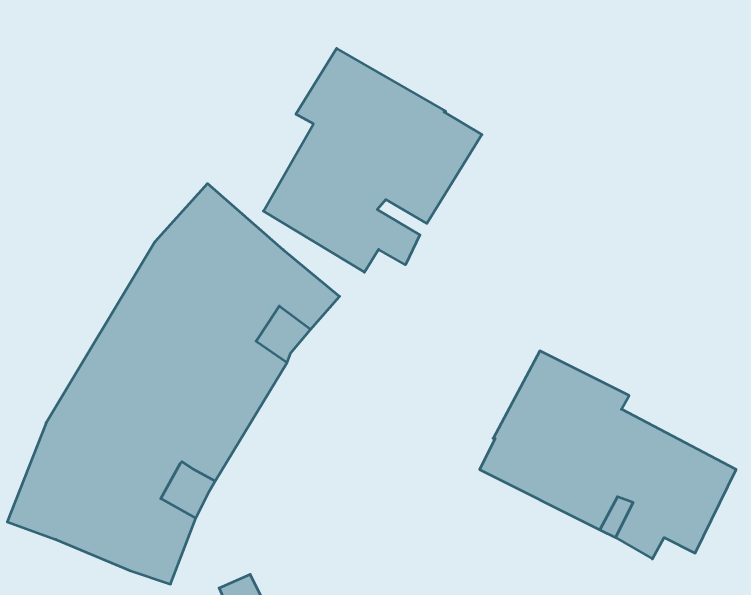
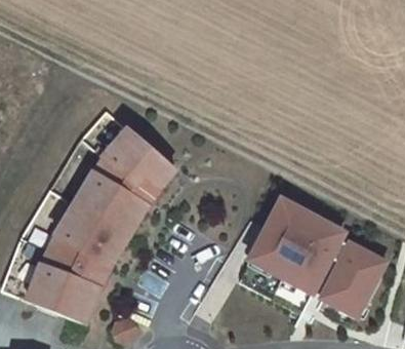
building: [263,48,482,272] -> none

